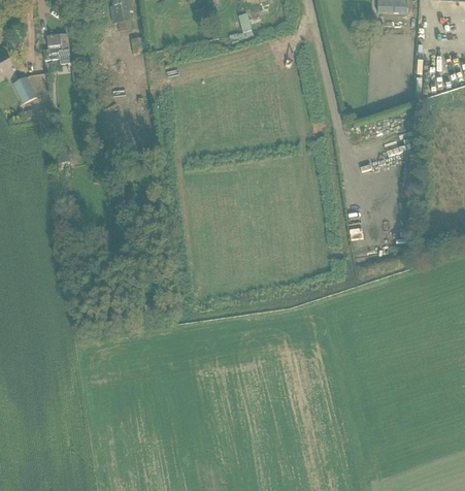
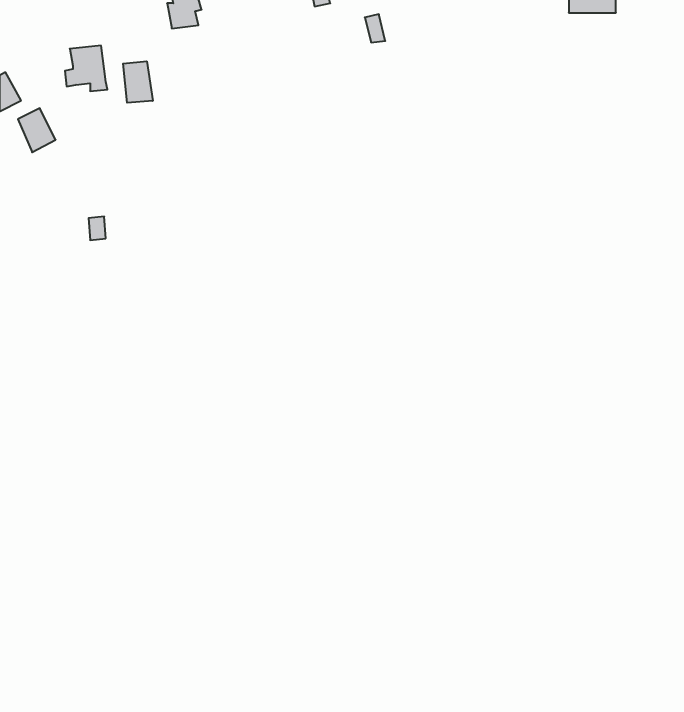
building: none -> [123,61,153,103]

